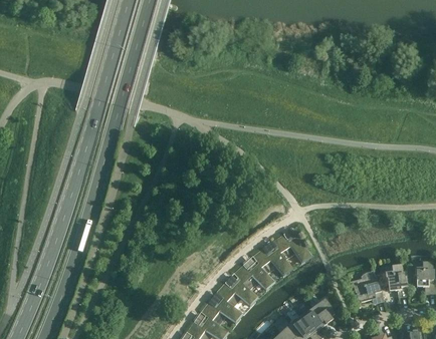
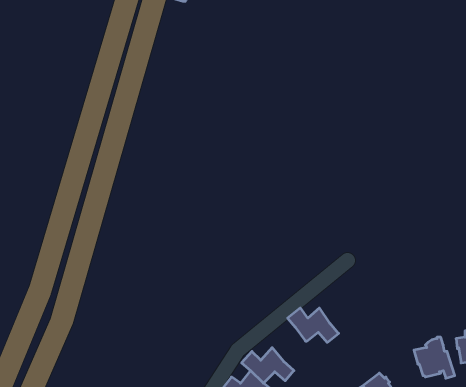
building: [273,233,311,261] -> none
building: [234,262,274,289] -> none

